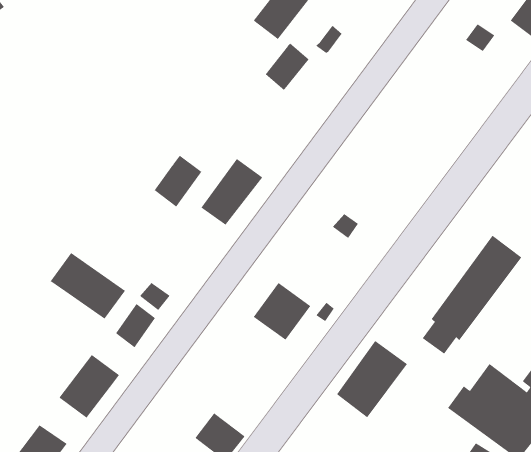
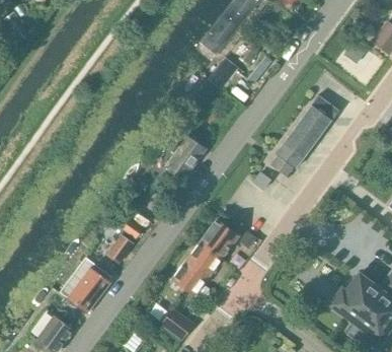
building: [154,155,202,207] -> none
building: [422,235,522,355] -> [270,94,338,175]
building: [50,252,126,320] -> none
building: [336,340,408,418] -> [173,242,222,295]

